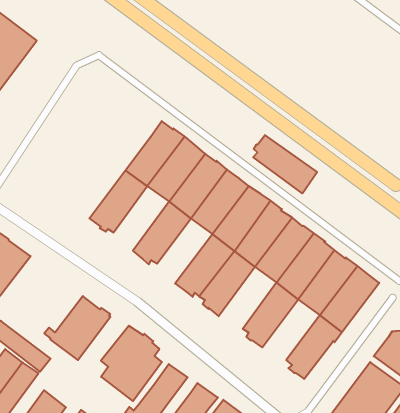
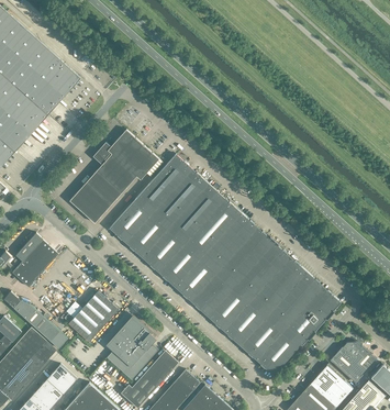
building: none -> [69,130,163,223]
building: [253,135,317,193] -> none
building: none -> [127,206,175,257]
building: none -> [160,235,208,287]
building: none -> [207,279,256,329]
building: none -> [239,309,289,357]

